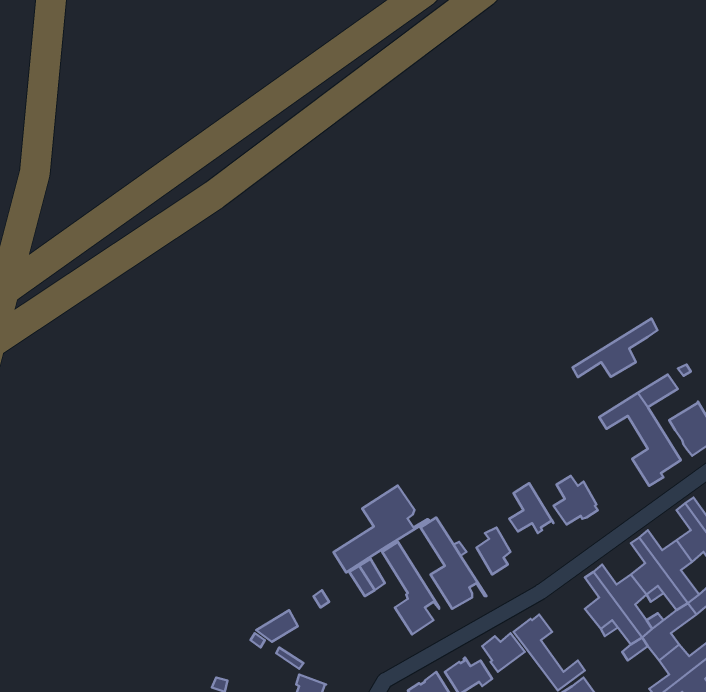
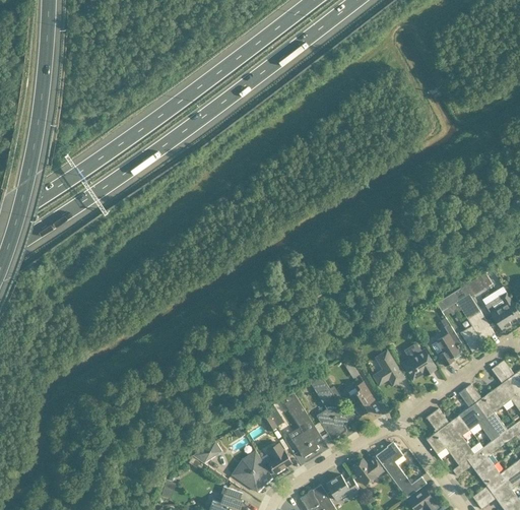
building: [572,318,657,377] -> none
building: none -> [431,324,462,366]
building: [333,485,429,572] -> none
building: none -> [268,443,291,473]
building: none -> [232,451,271,491]

